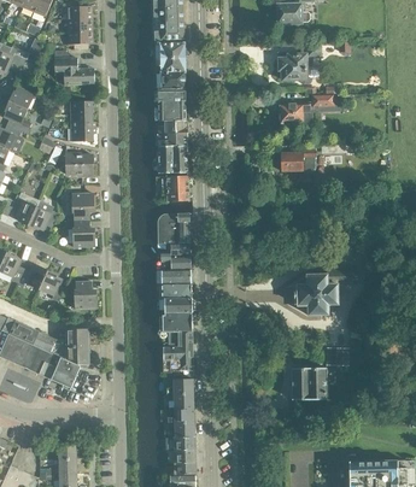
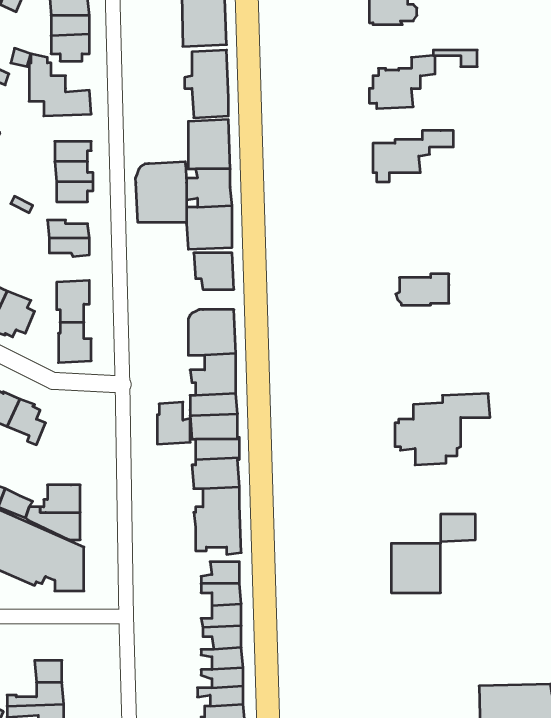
building: none -> [136,162,186,222]
building: [279,149,314,170] -> [396,274,449,305]
building: [74,281,95,309] -> [157,402,190,444]

